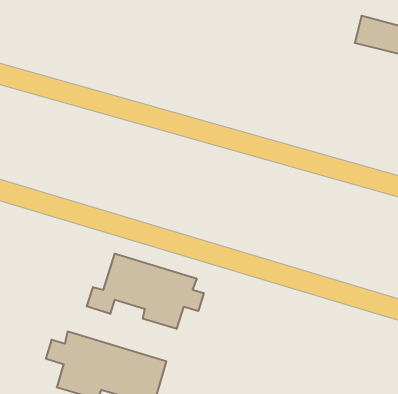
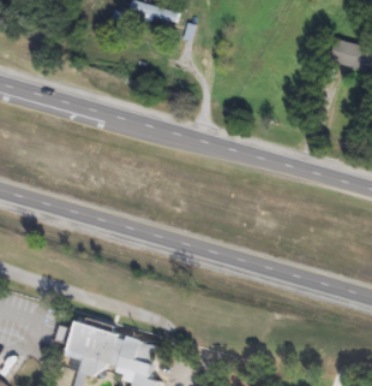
building: [87,254,204,329] -> none

